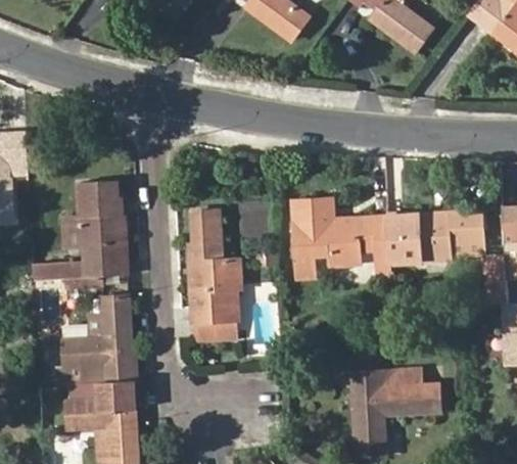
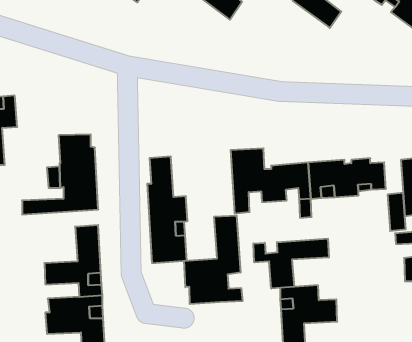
building: none -> [184,216,243,304]
building: none -> [253,239,329,289]

